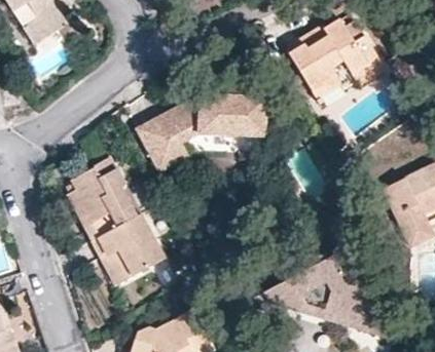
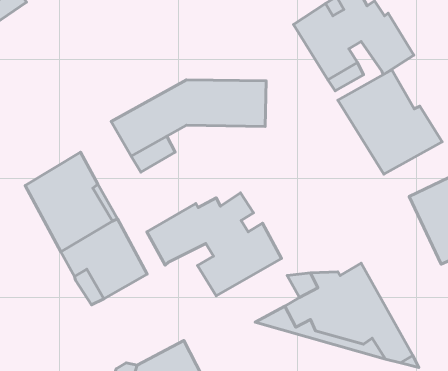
building: none -> [338,70,442,174]
building: none -> [147,193,281,296]

